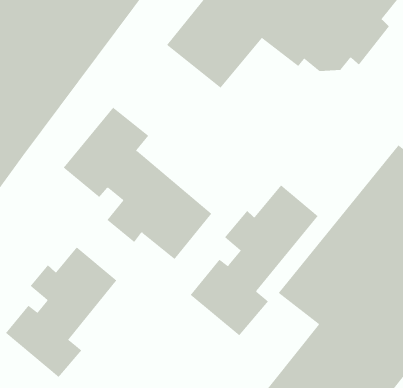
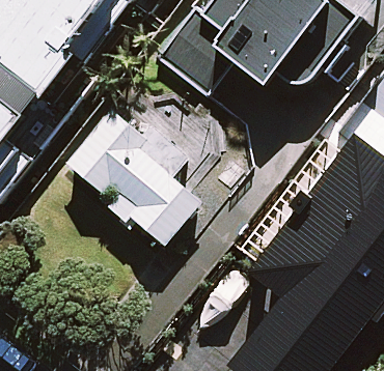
building: [190,185,318,336] -> none
building: [5,246,117,378] -> none

